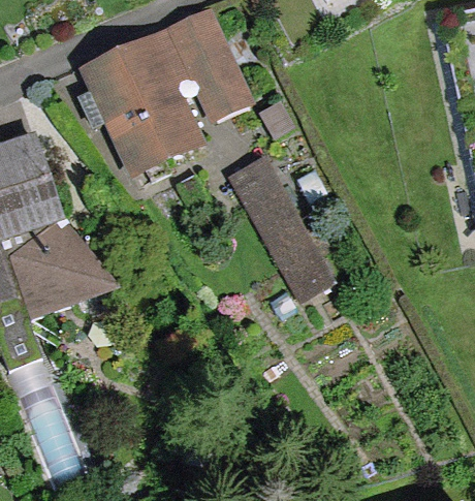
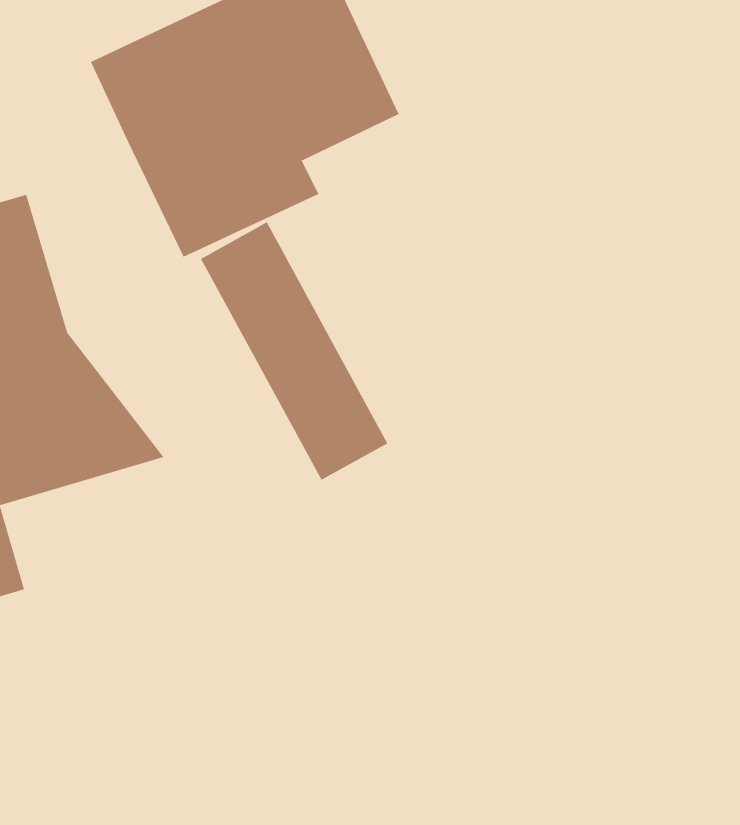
building: [235,148,340,291] -> [200,222,388,481]

